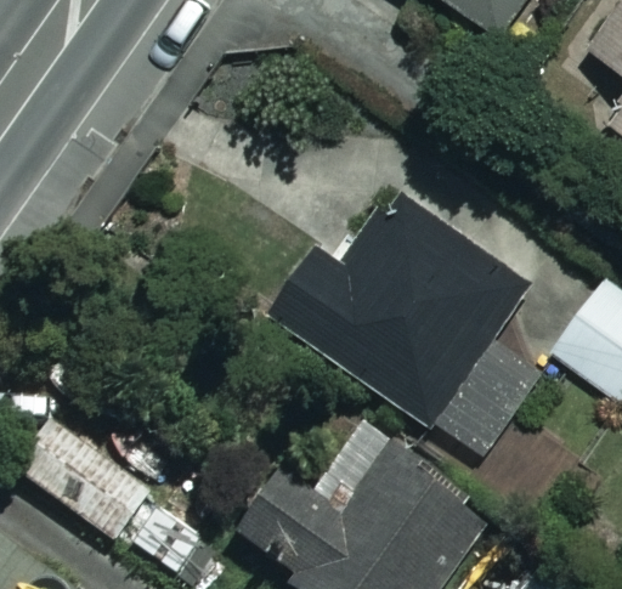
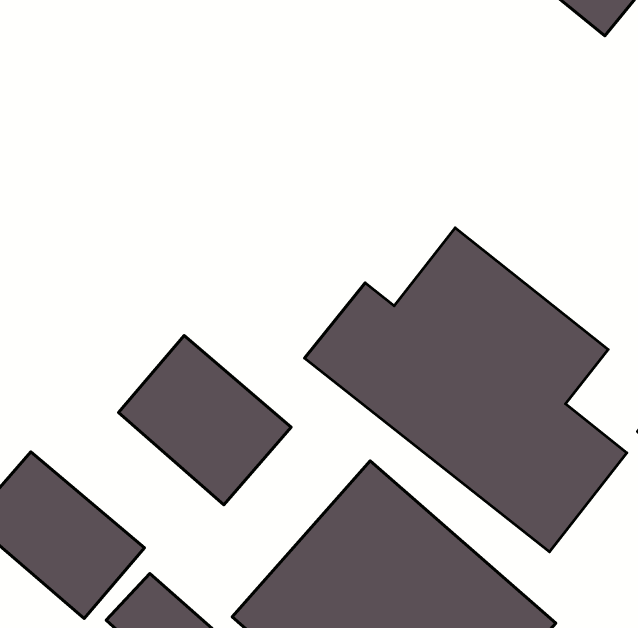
building: none -> [119,335,291,505]

